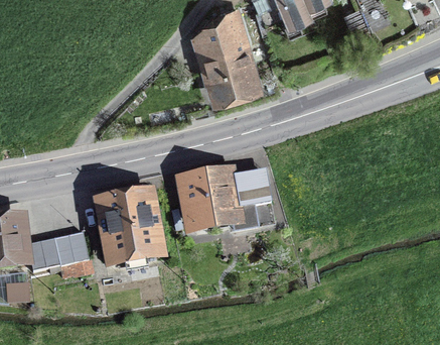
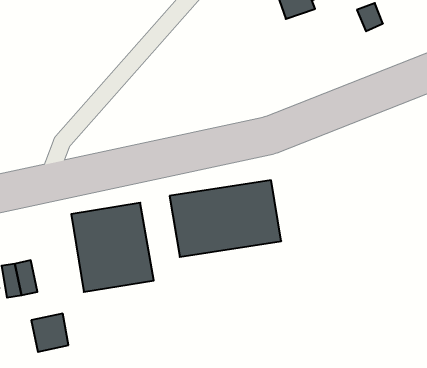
building: [189,11,261,101] -> none
building: [55,232,89,266] -> [31,314,68,352]

